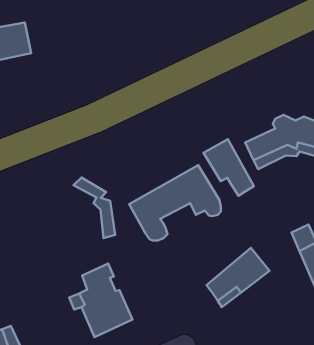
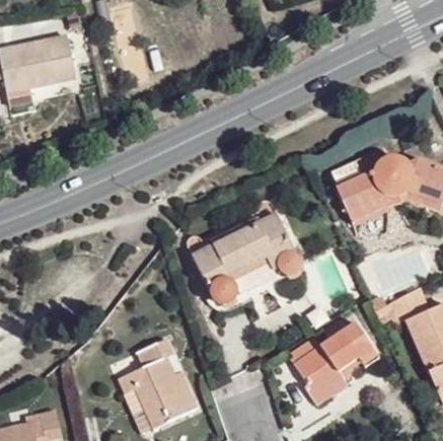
building: [204,139,254,196] -> none
building: [74,178,115,238] -> none

